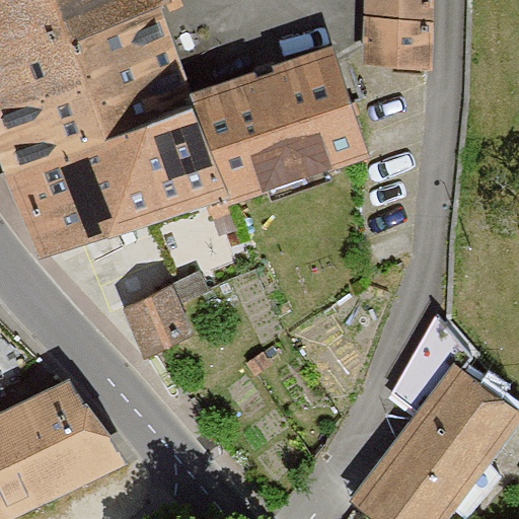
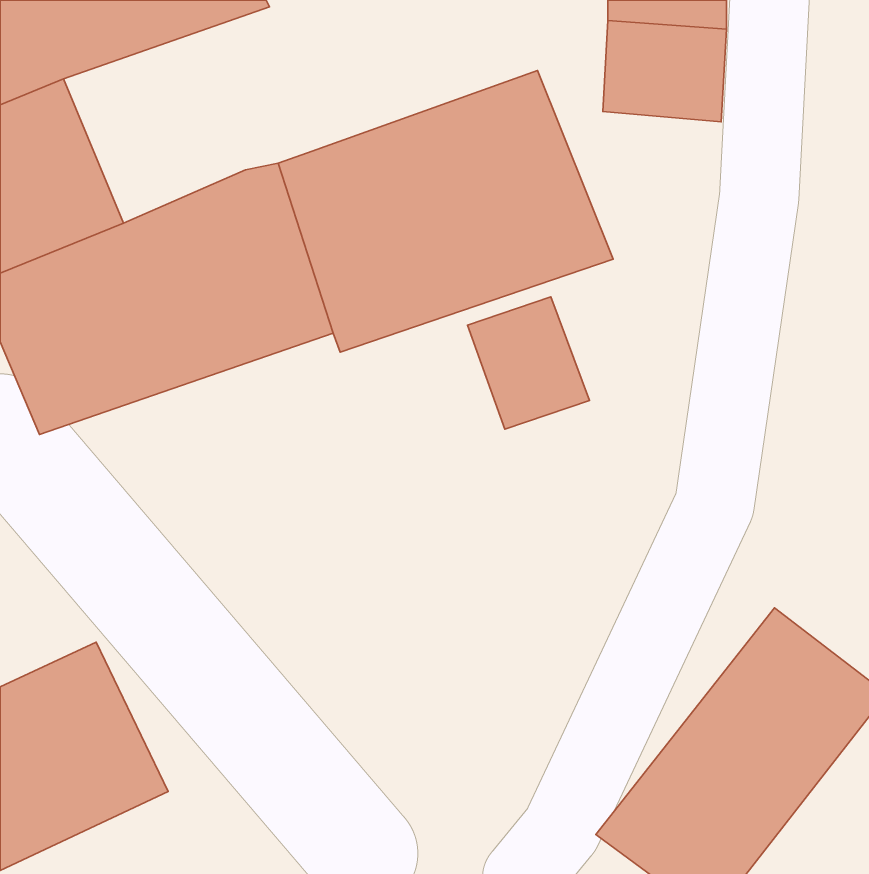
building: [43,6,187,134] -> none
building: none -> [468,297,590,429]
building: [109,283,190,361] -> none

